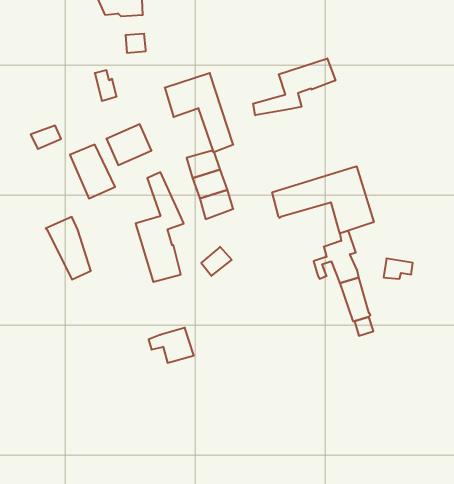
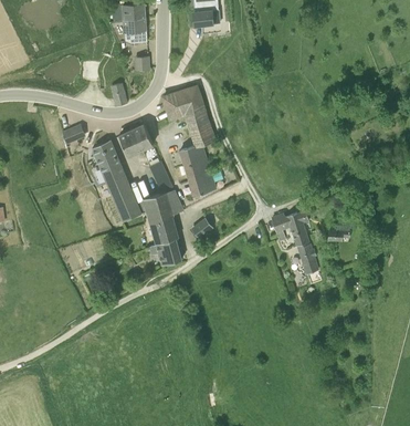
building: [253,58,335,115] -> none
building: [272,166,374,234] -> none
building: [46,217,91,280] -> [105,172,139,219]
building: [149,328,194,363] -> [147,238,181,264]

